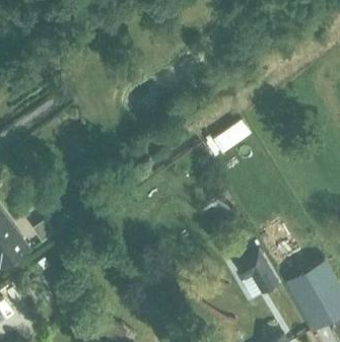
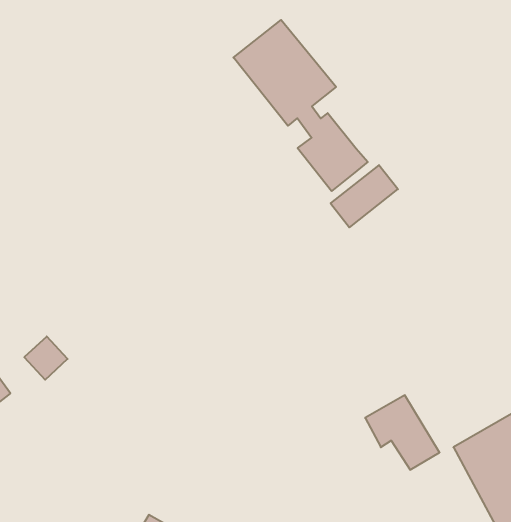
building: none -> [233,20,368,191]

